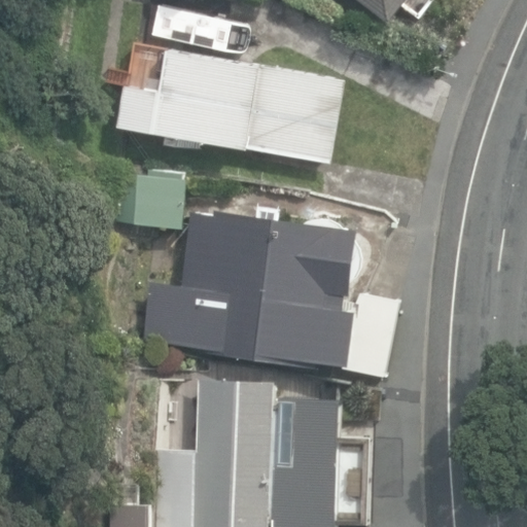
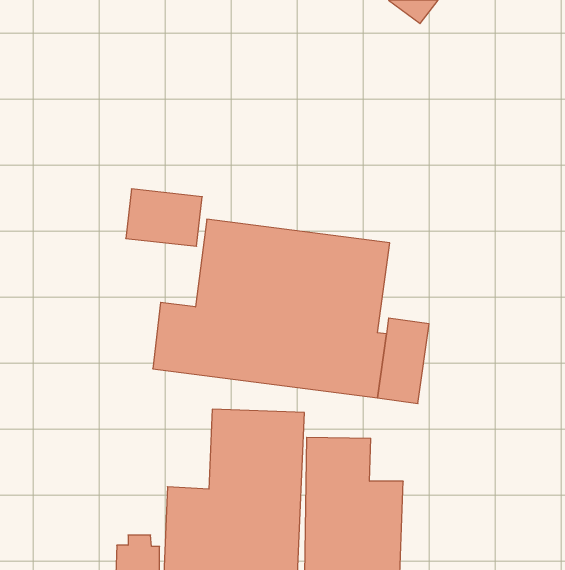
building: [116,49,344,166] -> none

